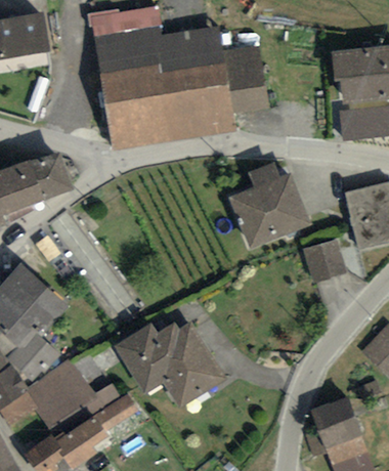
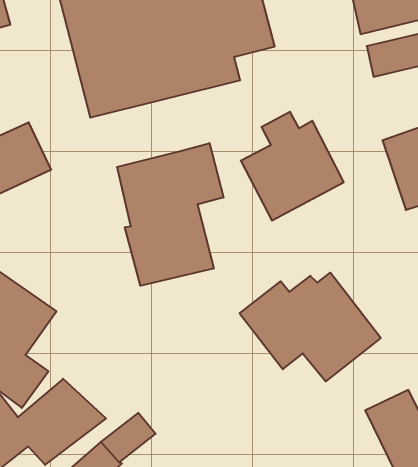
building: none -> [117,143,224,286]
building: [302,240,348,285] -> none
building: [114,320,226,409] -> [240,273,381,381]

